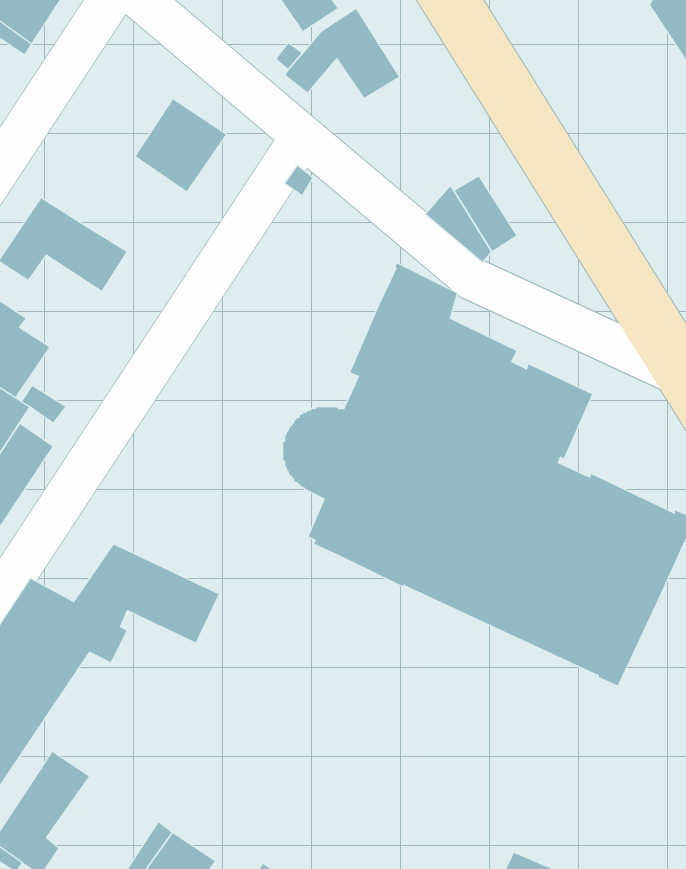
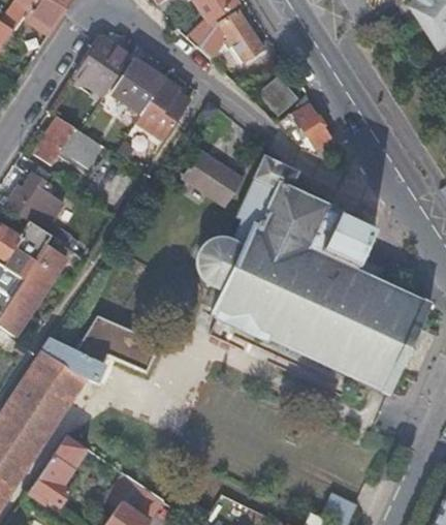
building: none -> [75,38,130,96]
building: none -> [258,75,298,117]
building: none -> [135,81,189,141]
building: none -> [182,151,241,205]

